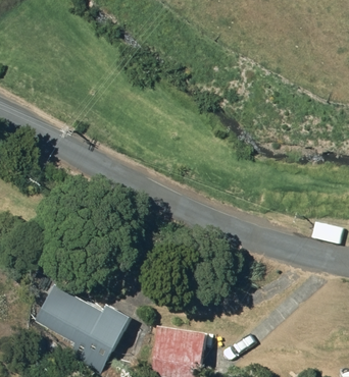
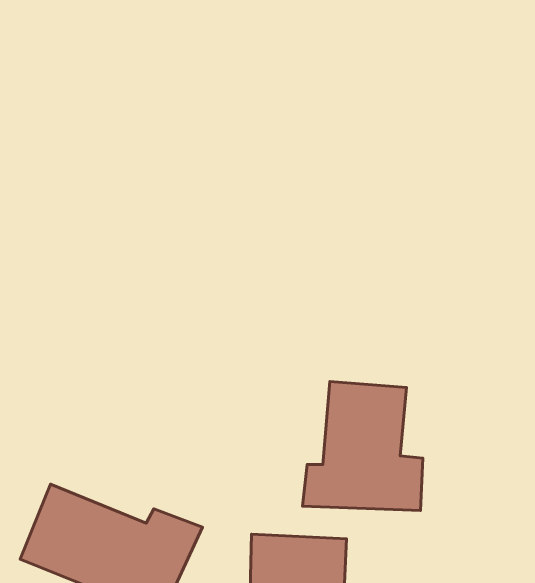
building: none -> [303,382,423,510]

